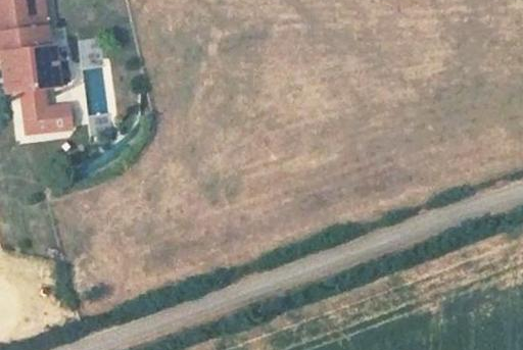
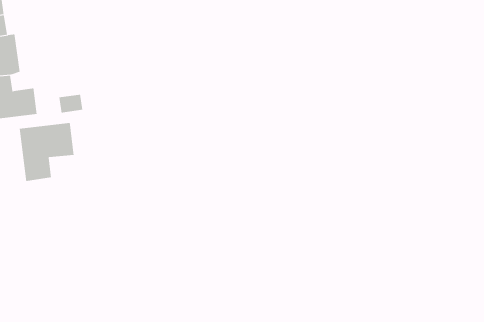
building: none -> [19,122,74,182]

